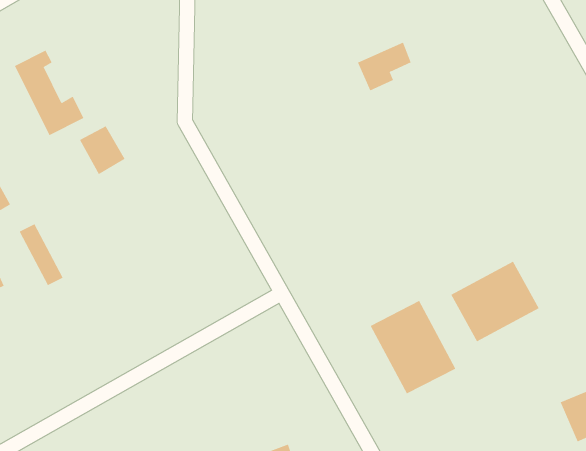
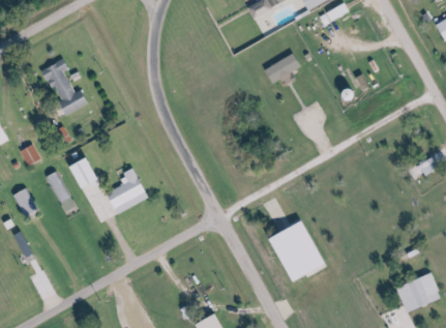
building: [79,125,125,175] -> [70,156,100,188]
building: none -> [106,169,147,213]
building: [450,261,540,342] -> none

